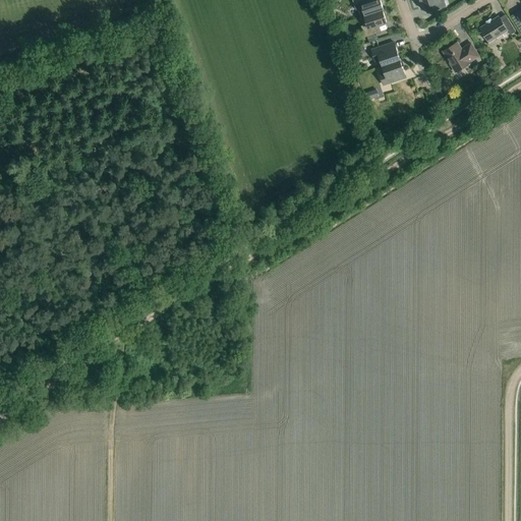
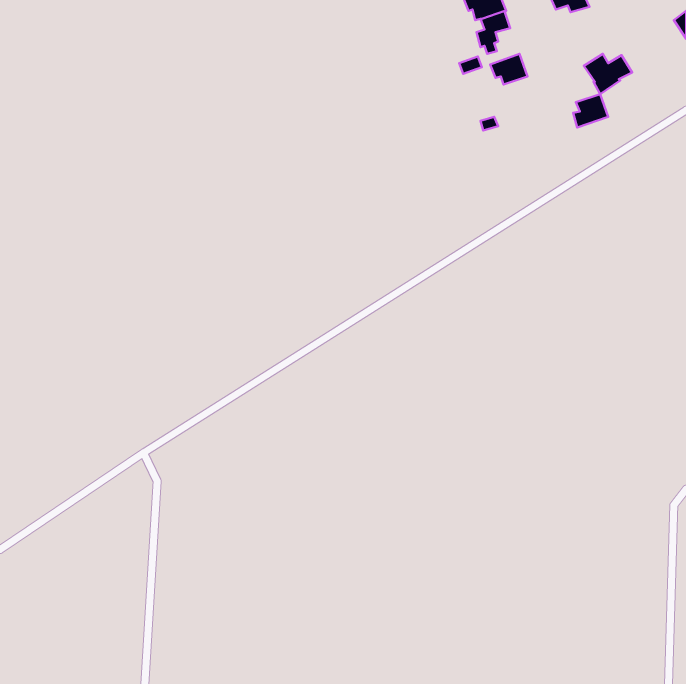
building: [480,14,516,41] -> none
building: [380,58,406,83] -> [573,94,608,128]

